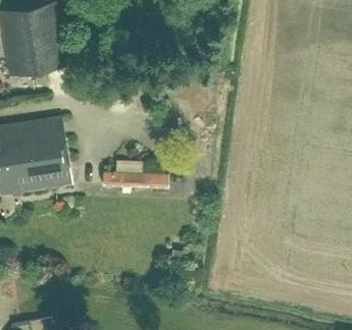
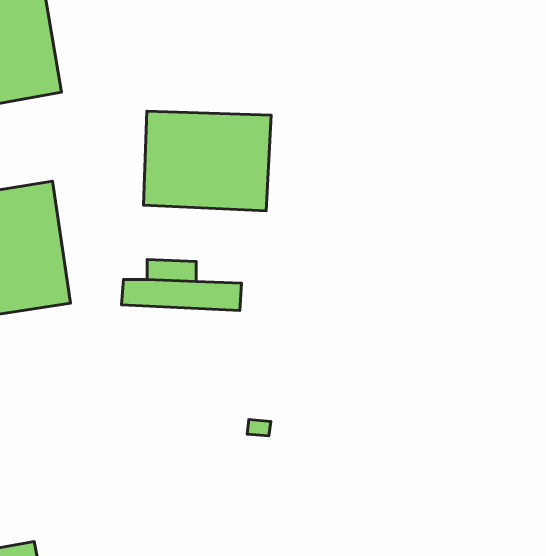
building: none -> [143,111,271,211]

